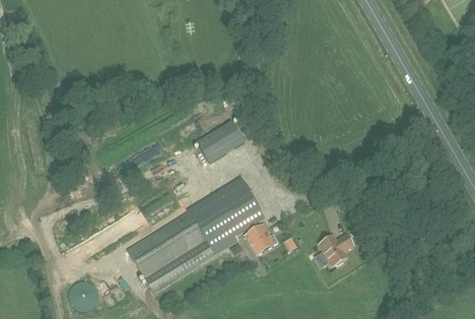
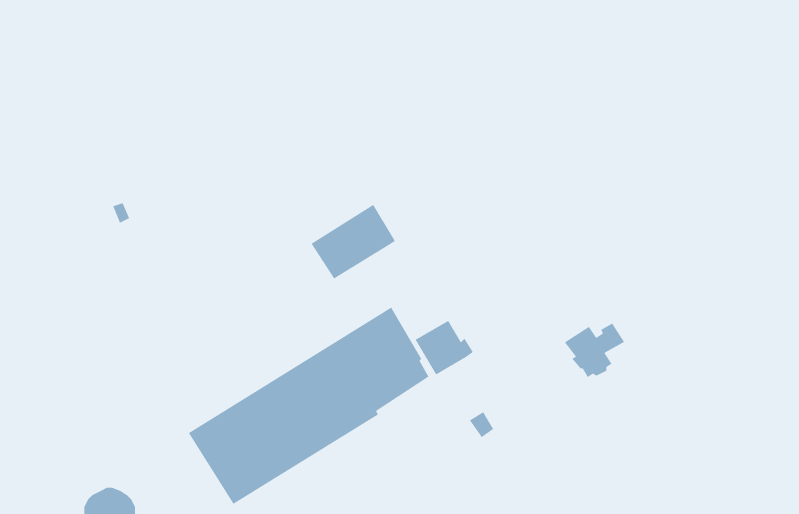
building: [245,222,278,254] -> [414,320,474,376]
building: [319,233,353,264] -> [564,322,625,378]

